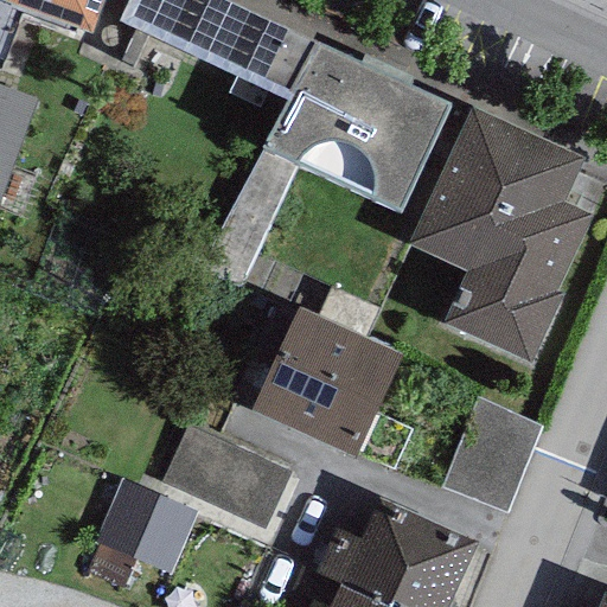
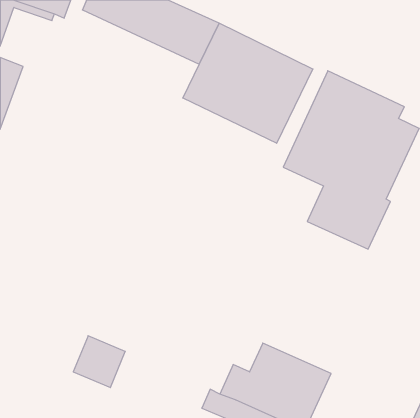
building: [232,304,403,455] -> none
building: [442,400,543,515] -> none
building: [161,428,290,529] -> none

